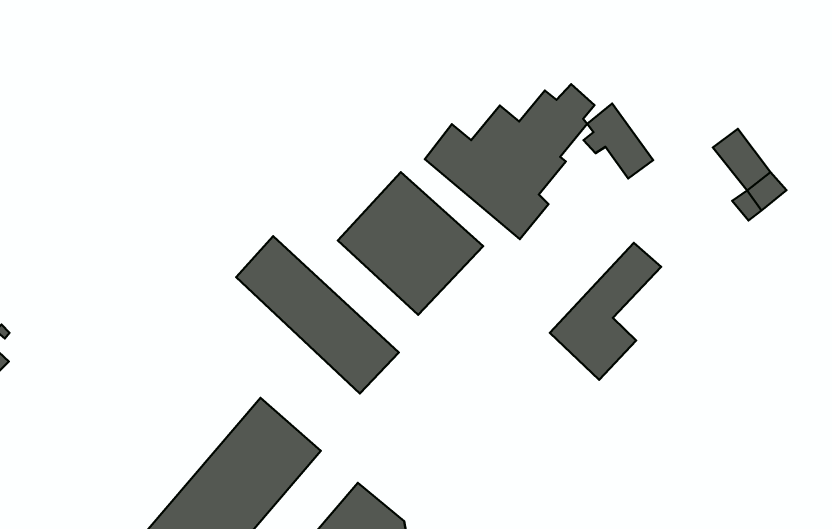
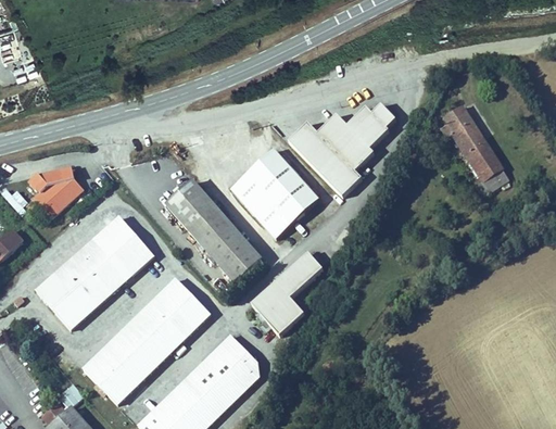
building: [584,104,653,179] -> [440,105,481,152]
building: none -> [35,167,84,215]
building: [550,243,661,380] -> [251,254,323,336]
building: none -> [35,216,153,329]

